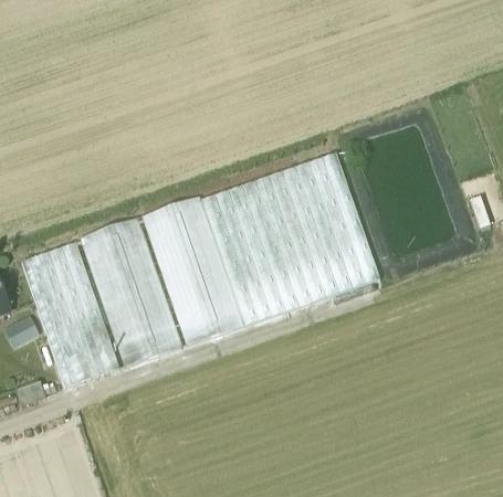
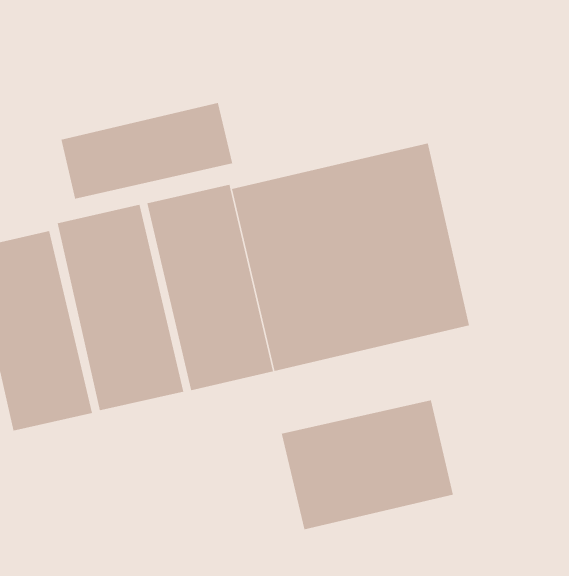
building: none -> [61,102,233,200]
building: none -> [281,400,453,530]

